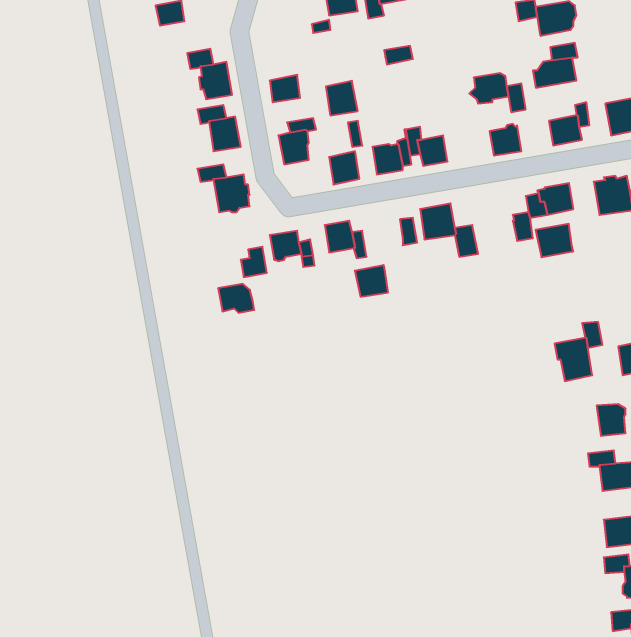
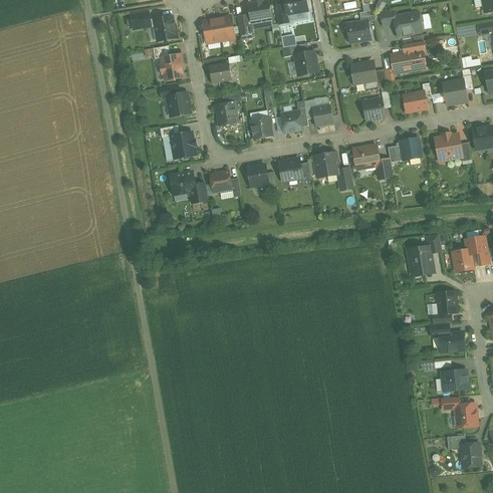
building: none -> [153,15,176,40]
building: none -> [202,15,234,42]
building: none -> [347,20,369,41]
building: [326,81,358,115] -> [294,50,316,74]
building: [536,224,573,257] -> [352,145,379,168]
building: [355,265,388,297] -> [278,158,301,180]
building: [218,284,254,313] -> [170,172,195,192]

